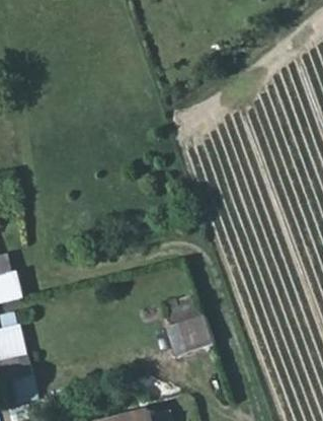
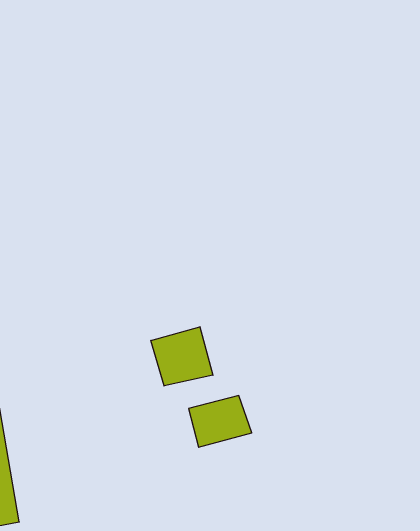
building: none -> [151,327,213,386]

